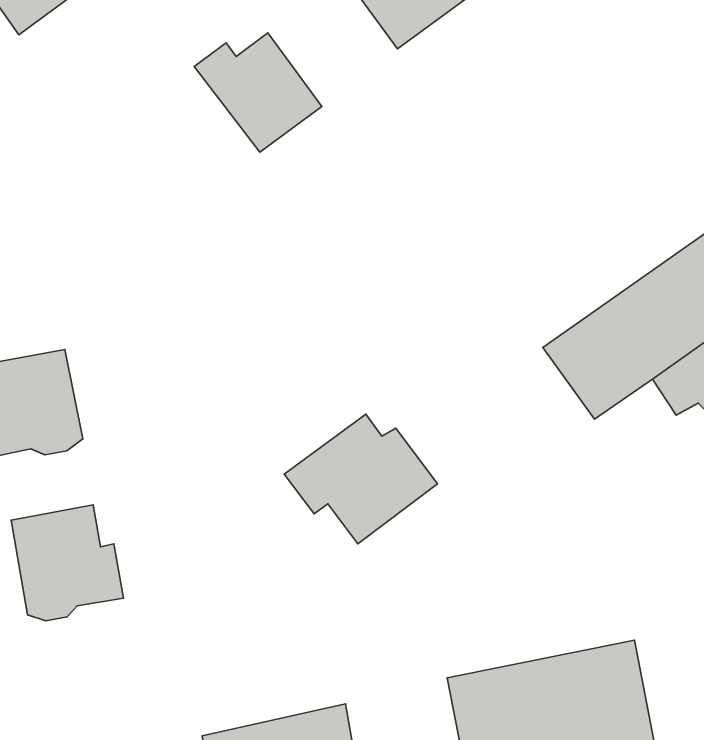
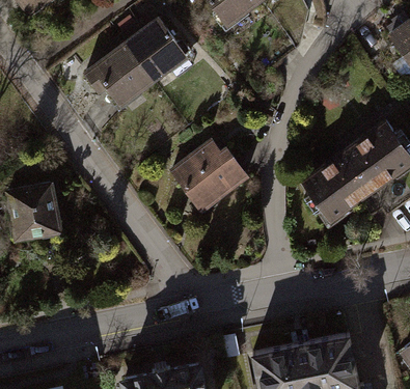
building: none -> [90,35,154,105]
building: [284,414,438,544] -> [169,139,249,206]
building: [11,505,124,621] -> none

